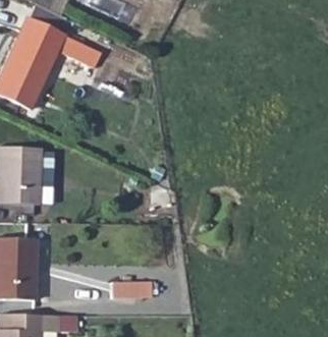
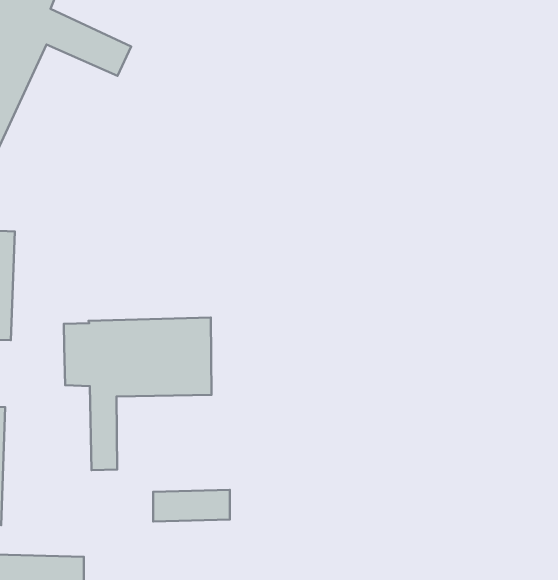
building: none -> [64,318,212,470]

